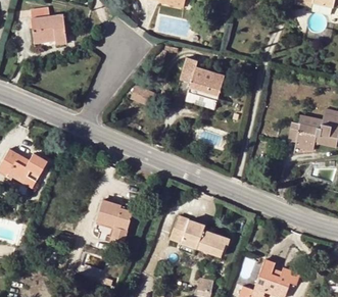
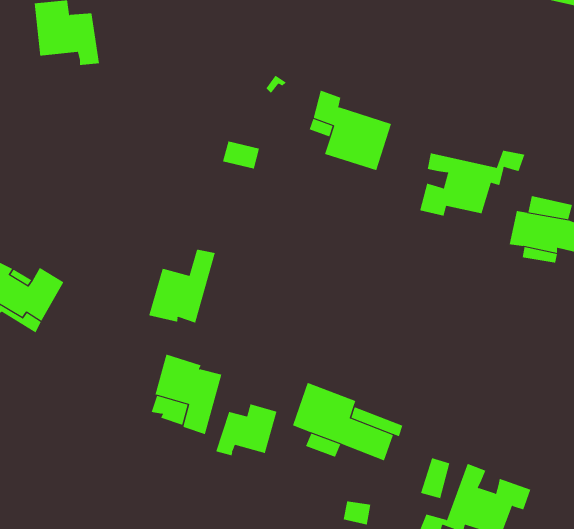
building: none -> [420,150,525,216]
building: none -> [148,249,215,323]
building: none -> [216,404,277,456]

